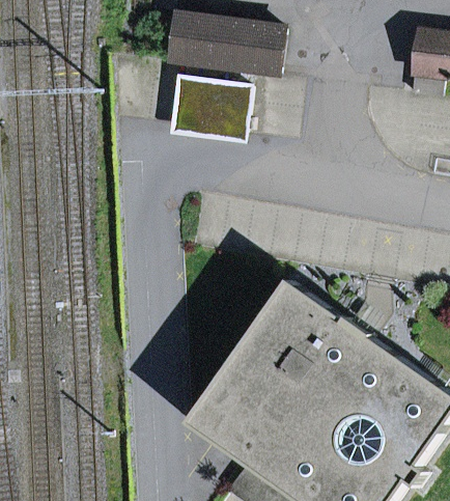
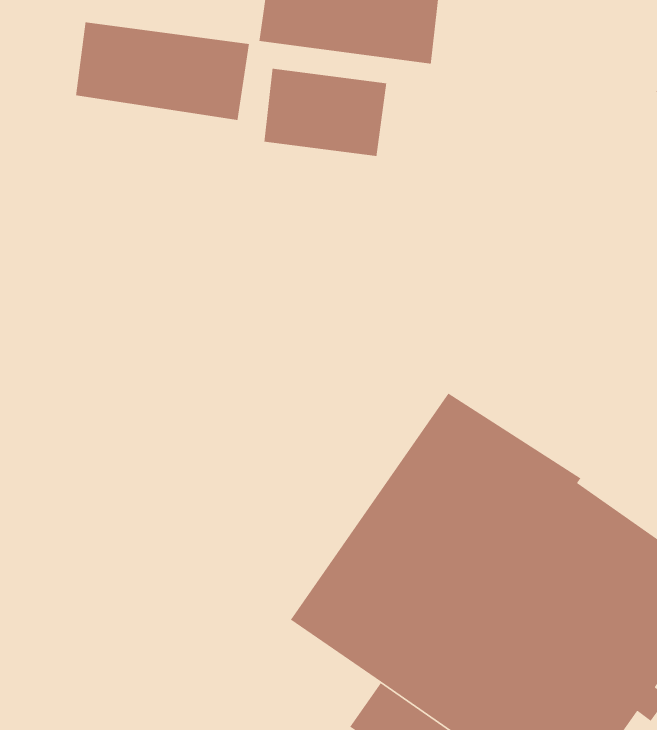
building: none -> [75,22,250,121]

